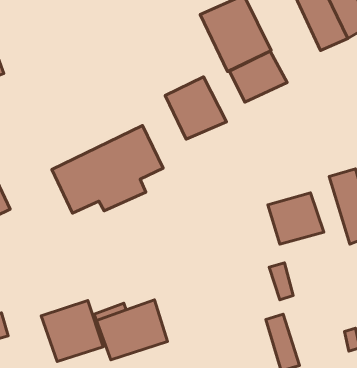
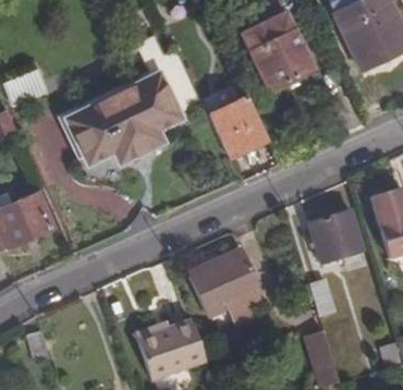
building: [230,51,287,102] -> none
building: [52,126,163,213] -> [68,72,179,159]
building: none -> [195,253,264,324]
building: [41,301,103,361] -> none

